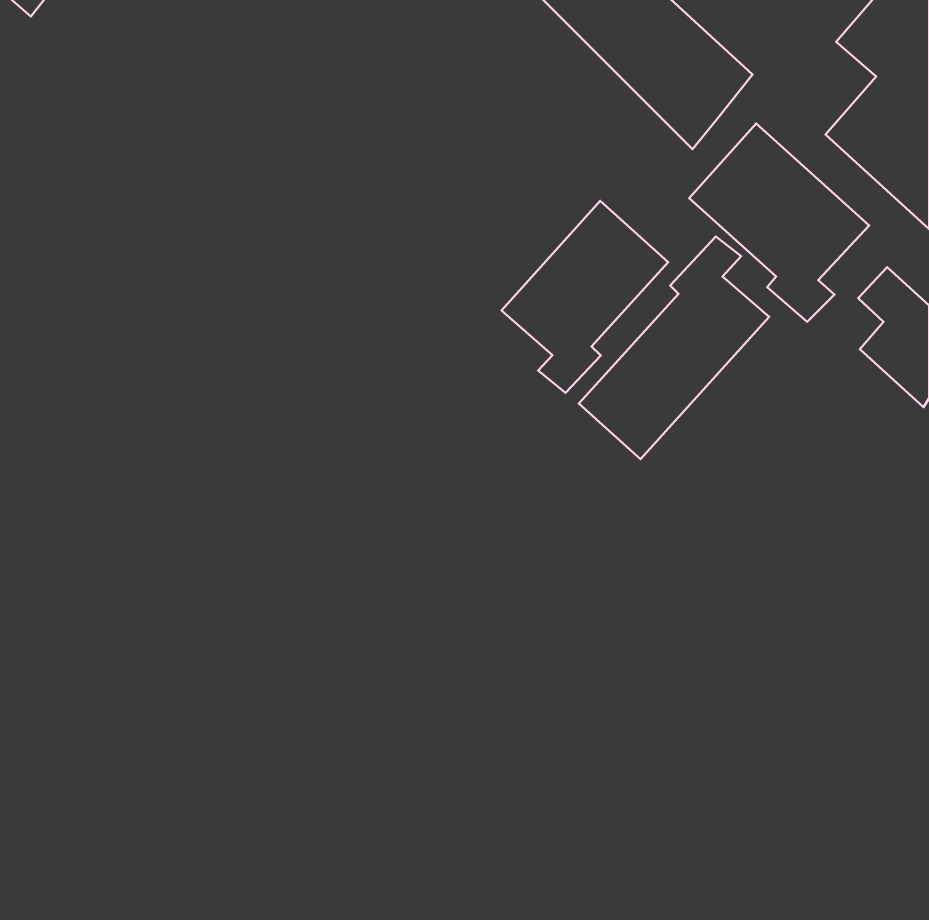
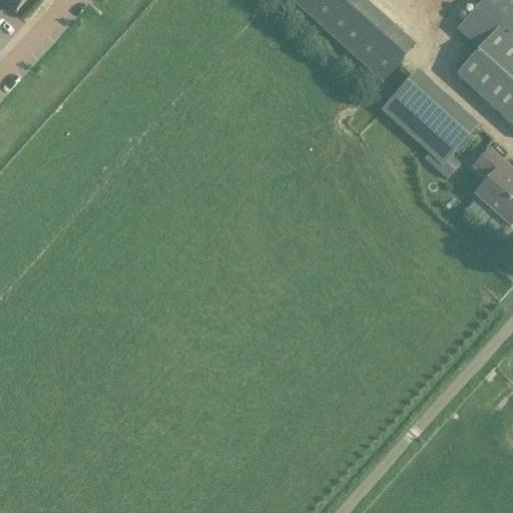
building: [501,201,668,393] -> none
building: [579,237,769,459] -> none

